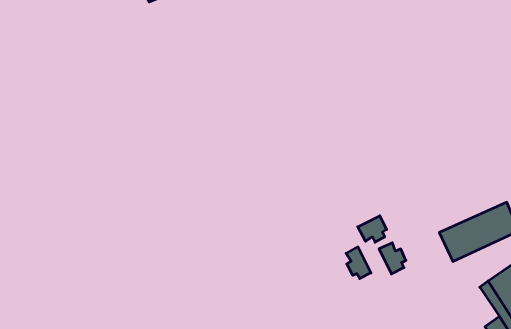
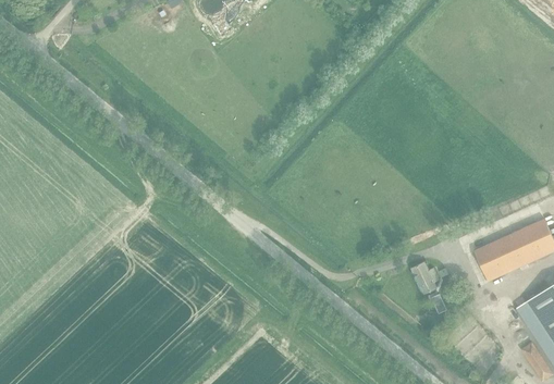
building: [358,216,387,242] -> none
building: [346,247,371,279] -> none

